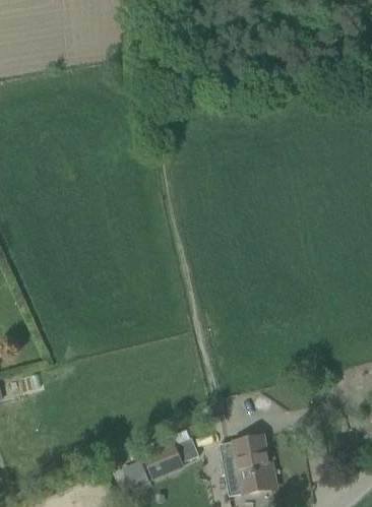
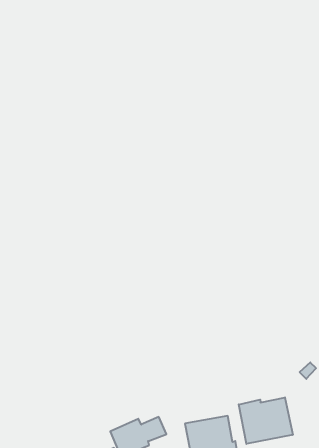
building: none -> [239,397,293,444]

